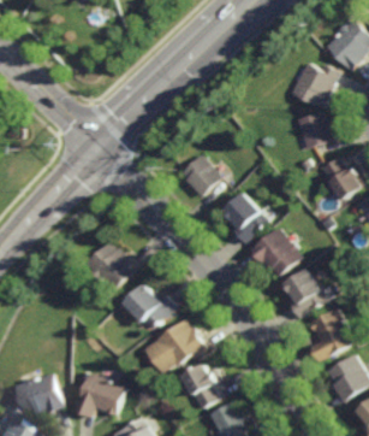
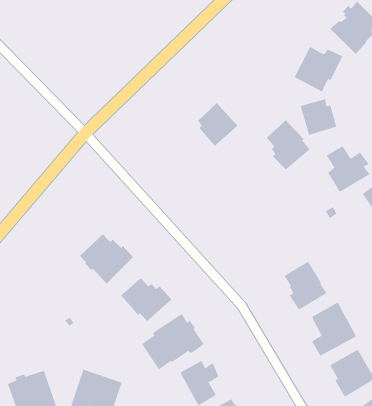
building: [180,153,220,196] -> [197,102,238,147]
building: [222,192,266,241] -> [266,119,311,170]
building: [250,226,300,275] -> none

